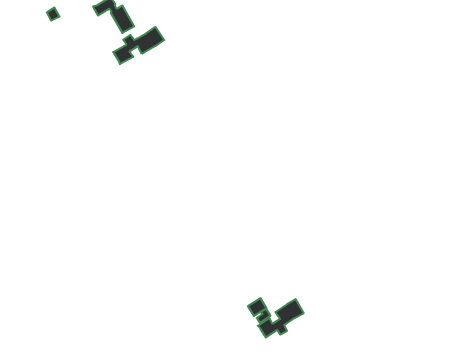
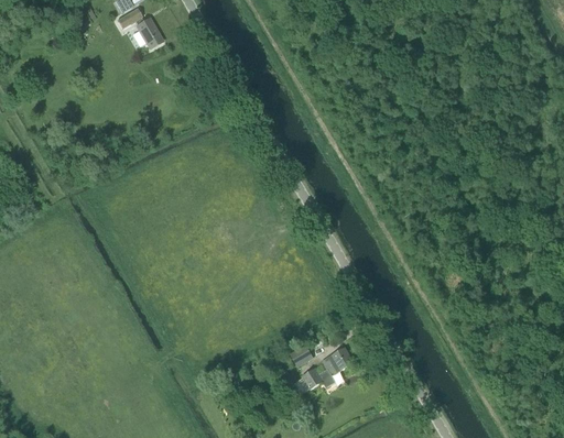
building: [113,27,164,64] -> none

